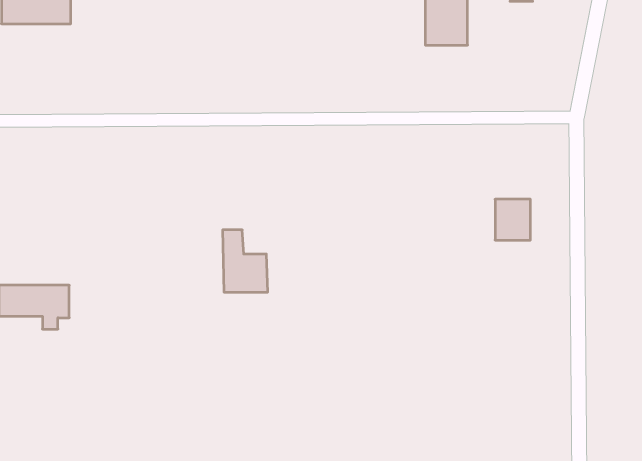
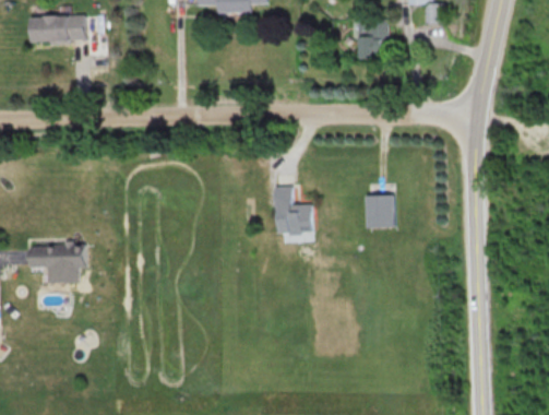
building: [495,199,530,240] -> [366,197,393,228]
building: [223,230,268,292] -> [276,186,311,234]

